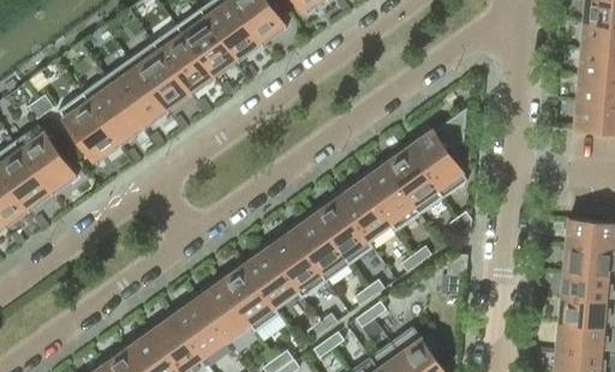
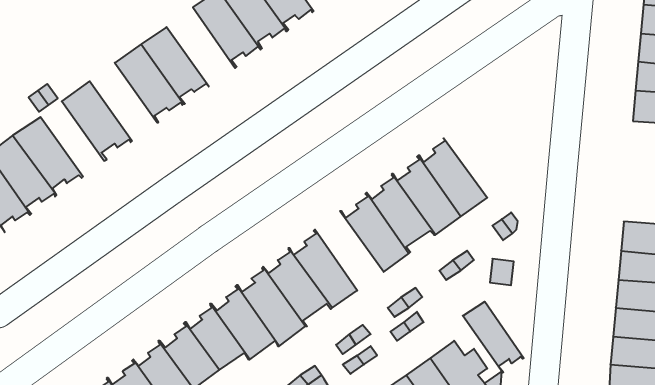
building: [153,25,215,97] -> none
building: [83,76,144,146] -> none
building: [404,108,467,198] -> none
building: [287,210,350,282] -> none
building: none -> [463,302,524,373]

